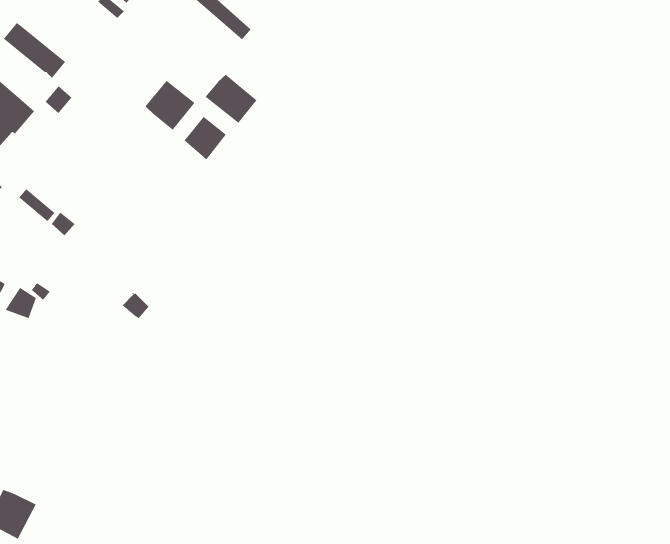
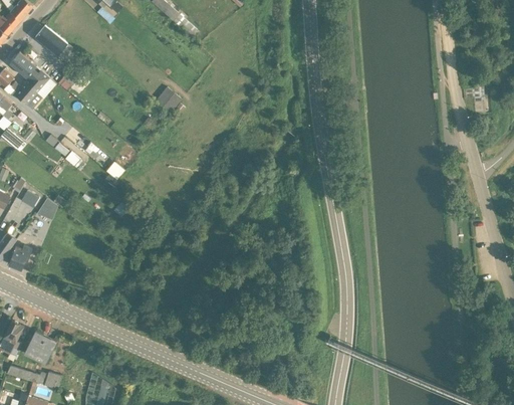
building: [205,74,258,124] -> none
building: [145,80,195,131] -> none

